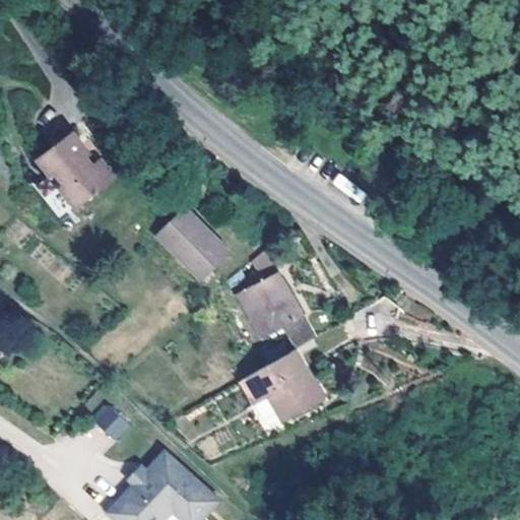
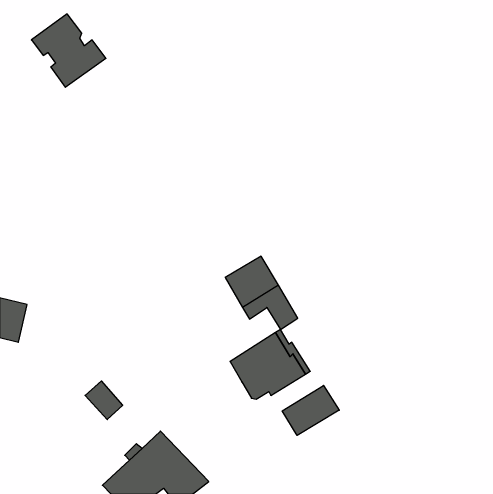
building: [40,129,118,206] -> [31,14,106,87]
building: [156,208,230,284] -> none
building: none -> [282,385,339,435]

